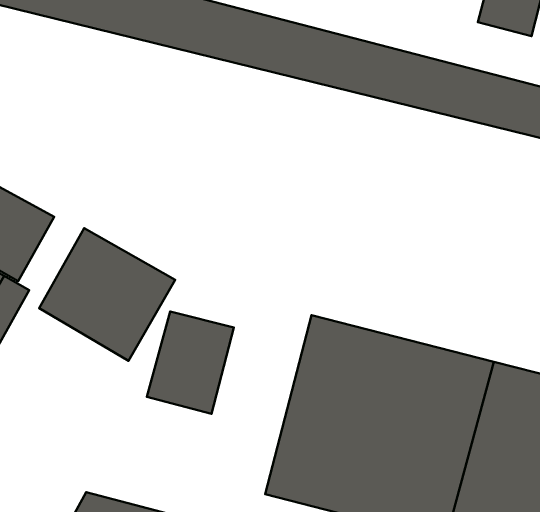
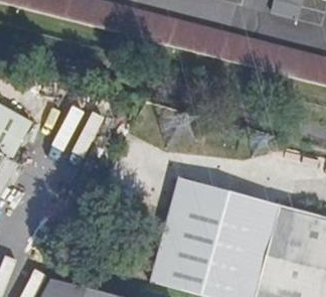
building: [39,228,175,361] -> none
building: [147,311,234,414] -> none

